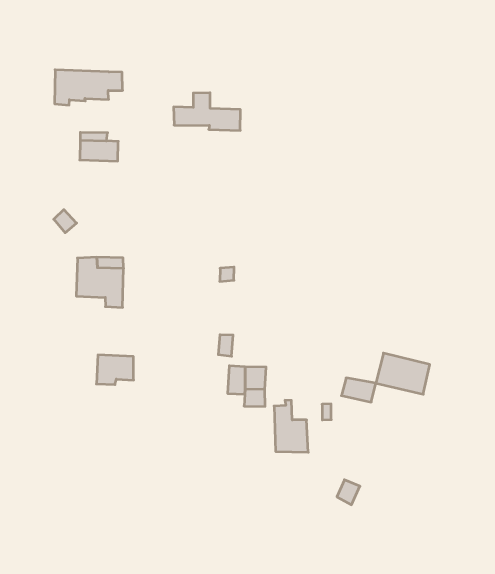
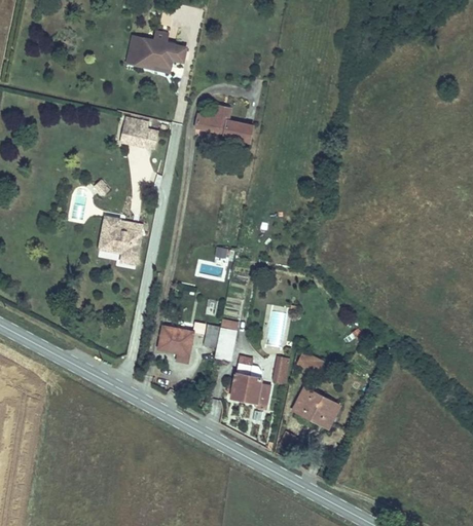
building: [55,70,123,105] -> [124,34,182,65]
building: [376,353,430,394] -> [297,392,342,430]
building: [96,355,134,385] -> [157,325,190,350]

